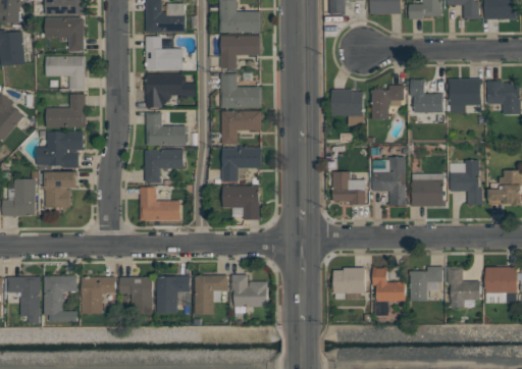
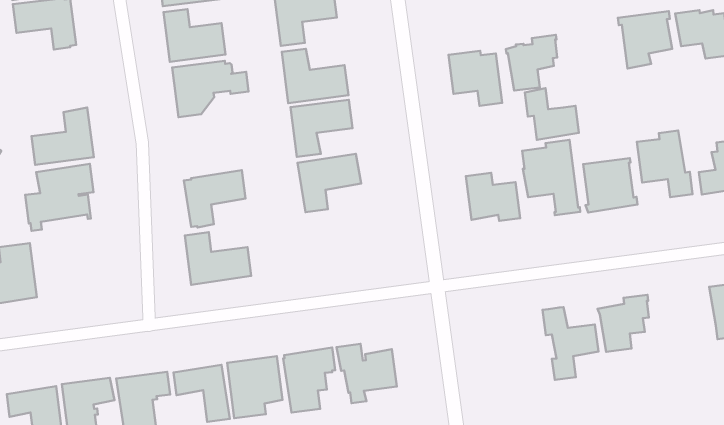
building: [45,56,85,91] -> none
building: [410,80,442,113] -> [525,88,579,140]
building: [146,112,187,146] -> none
building: [40,172,77,208] -> none
building: [222,187,260,220] -> none
building: [447,267,481,308] -> none
building: [333,268,365,300] -> none

